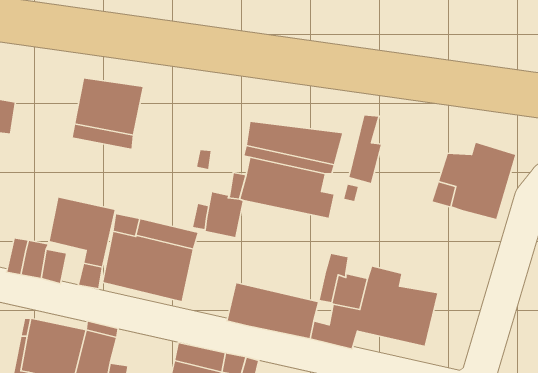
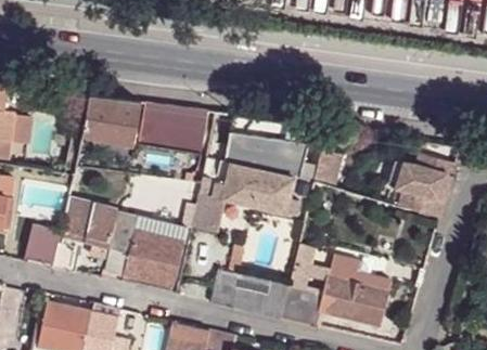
building: none -> [138,105,209,154]

